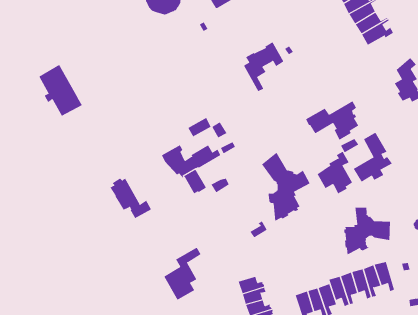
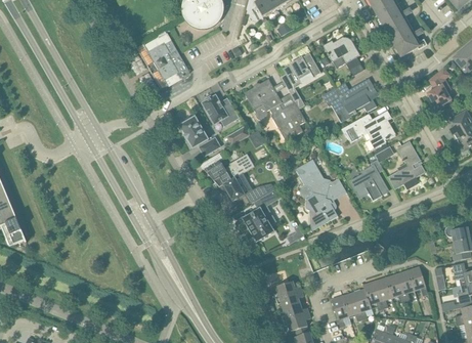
building: none -> [321,36,359,70]
building: [38,64,83,117] -> [145,33,188,84]
building: none -> [243,78,305,140]
building: none -> [320,78,376,118]
building: none -> [201,94,239,126]
building: [110,178,152,219] -> [178,116,219,156]
building: [342,207,390,257] -> none
building: [164,247,201,301] -> [242,189,278,242]

